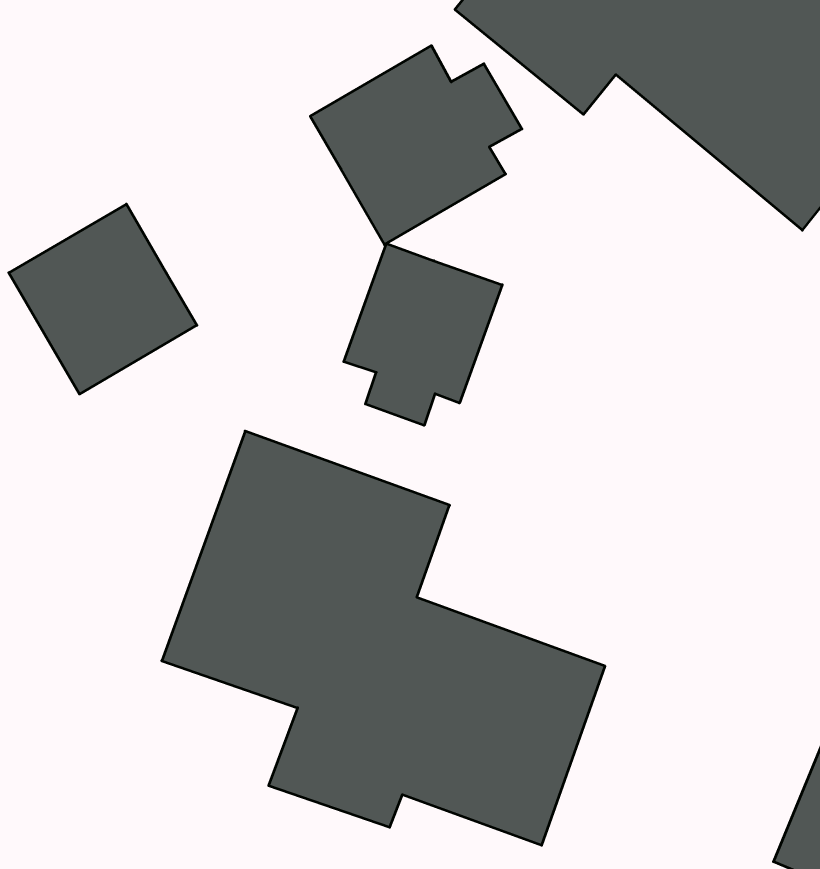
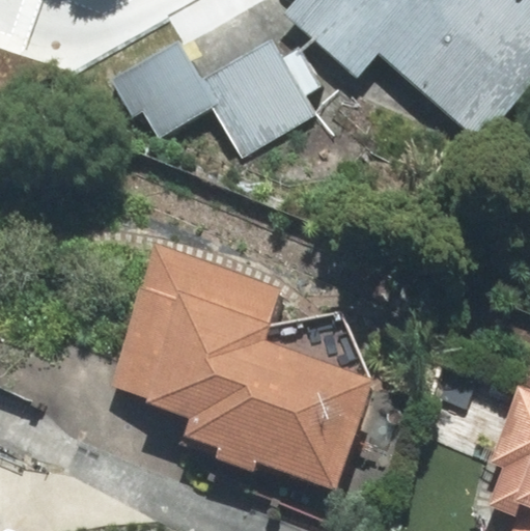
building: [9,204,197,394] -> [112,34,220,143]
building: [344,243,502,425] -> none

